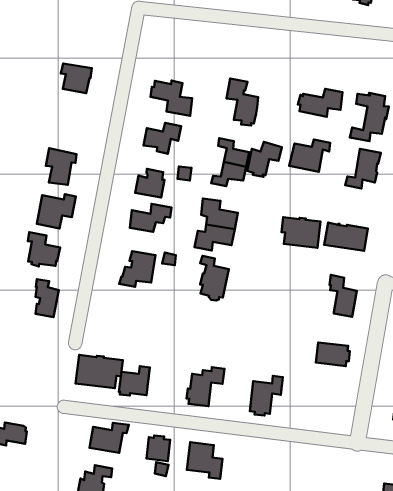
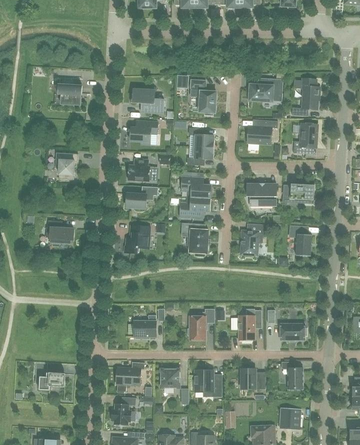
building: [247,142,282,177] -> none
building: [37,194,76,228] -> none
building: none -> [240,223,265,256]
building: [36,279,59,317] -> none
building: [316,342,350,366] -> [280,323,306,339]
building: [76,355,123,388] -> none
building: none -> [281,361,302,388]
building: none -> [241,368,265,388]

